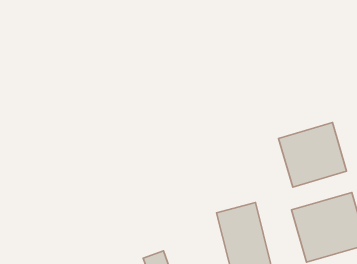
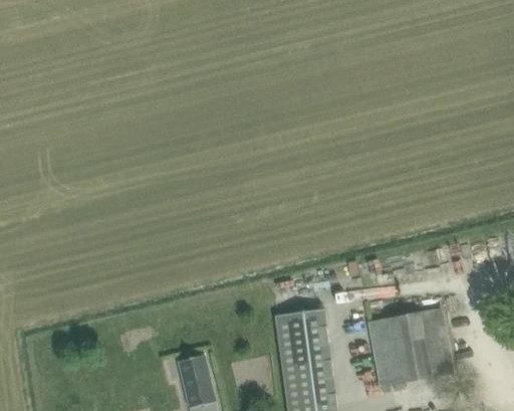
building: [279,123,347,187] -> none

